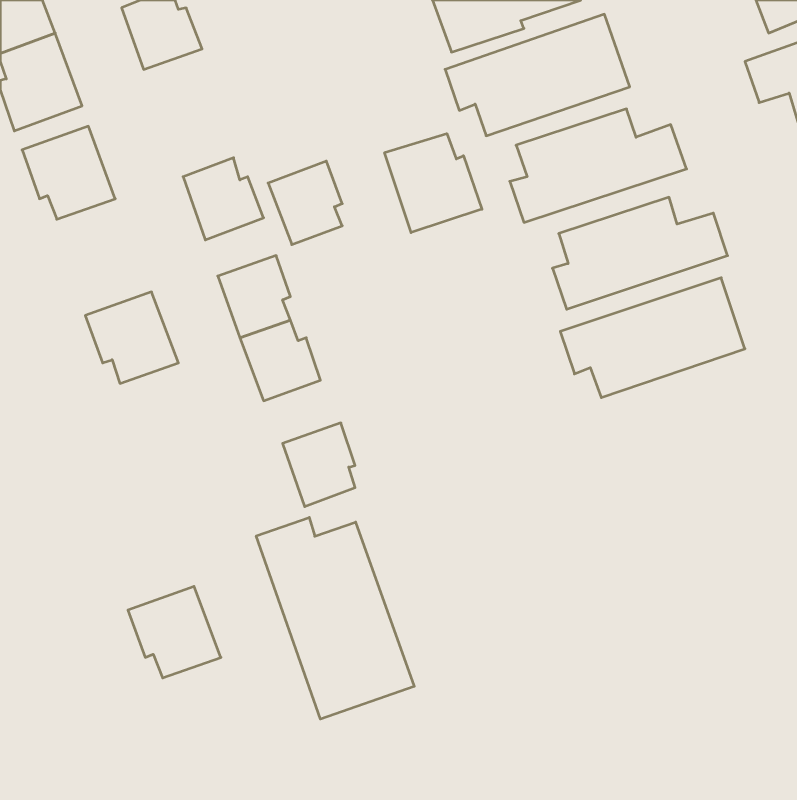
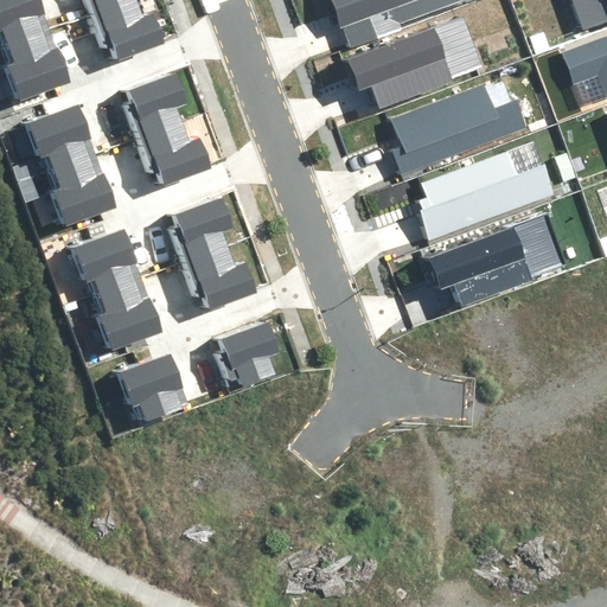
building: [385,134,482,233] -> none
building: [268,161,342,245] -> [127,75,183,138]
building: none -> [50,154,113,226]
building: none -> [97,277,161,350]
building: [256,517,414,719] -> none
building: [128,586,221,678] -> [116,352,186,421]

